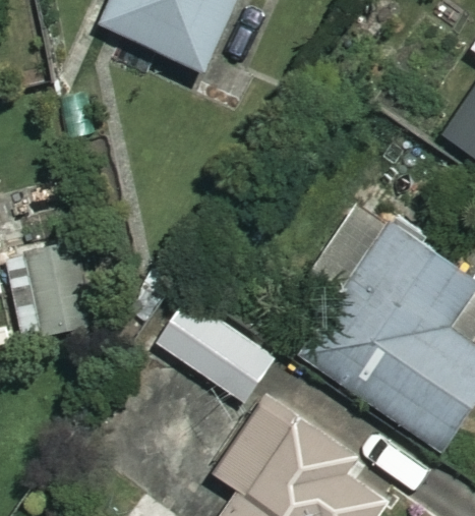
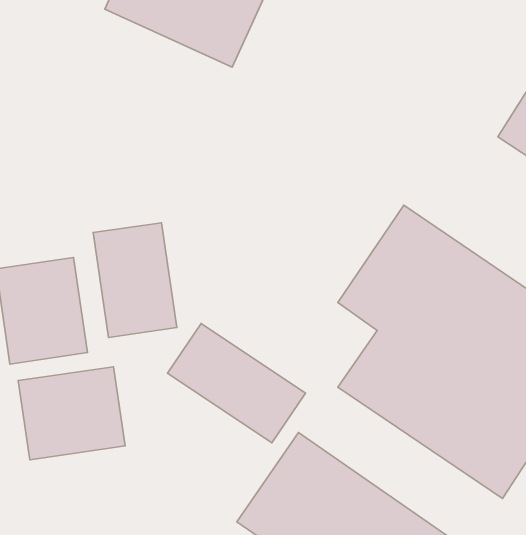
building: none -> [93,223,177,337]
building: none -> [18,367,125,460]

